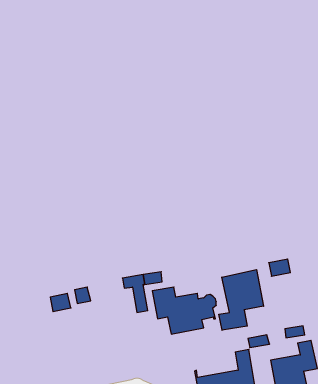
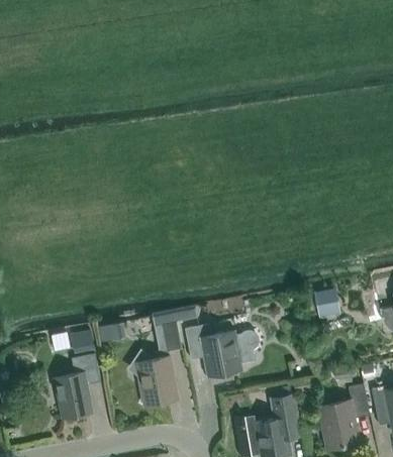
building: [219,270,264,330] -> none
building: none -> [130,353,177,404]
building: none -> [55,354,100,419]

